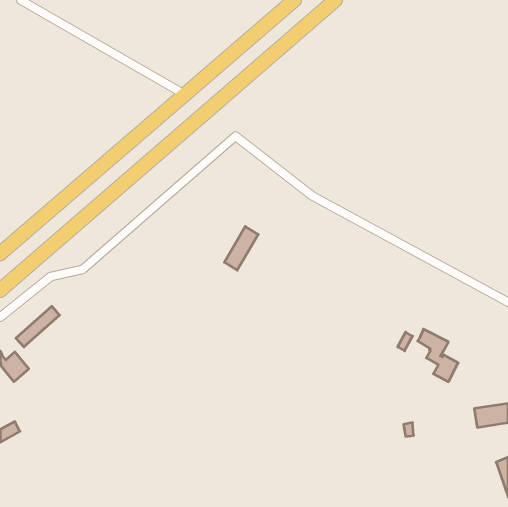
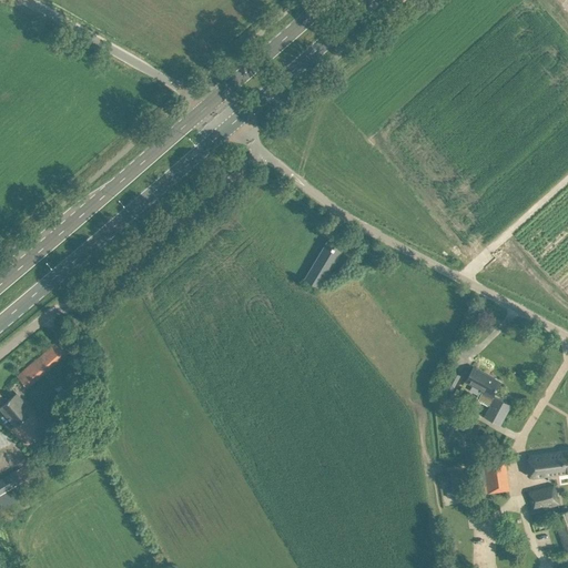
building: [224,226,258,270] -> [305,240,343,288]
building: none -> [484,460,509,494]
building: none -> [528,487,558,511]

